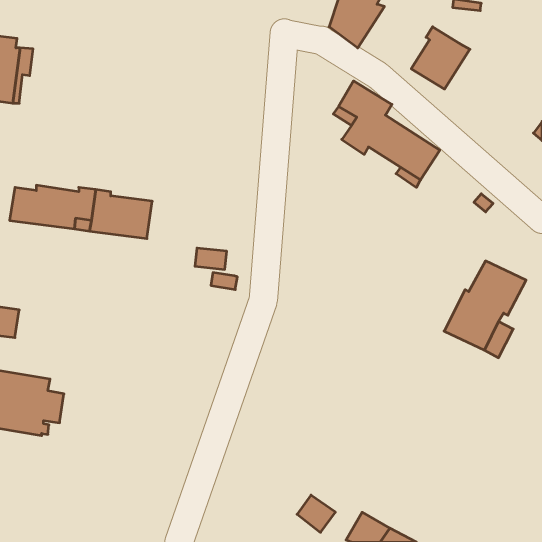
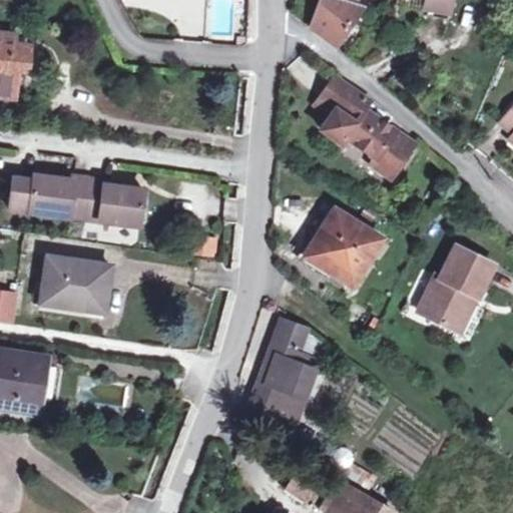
building: [411,27,470,89] -> none
building: none -> [306,208,381,284]
building: none -> [41,255,111,311]
building: none -> [246,318,317,436]

